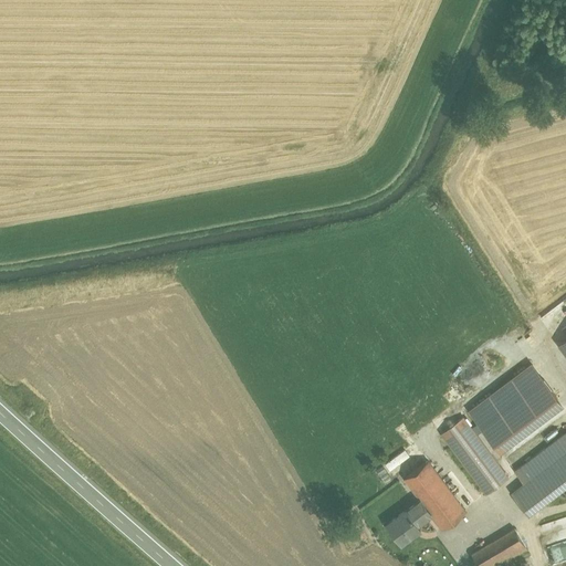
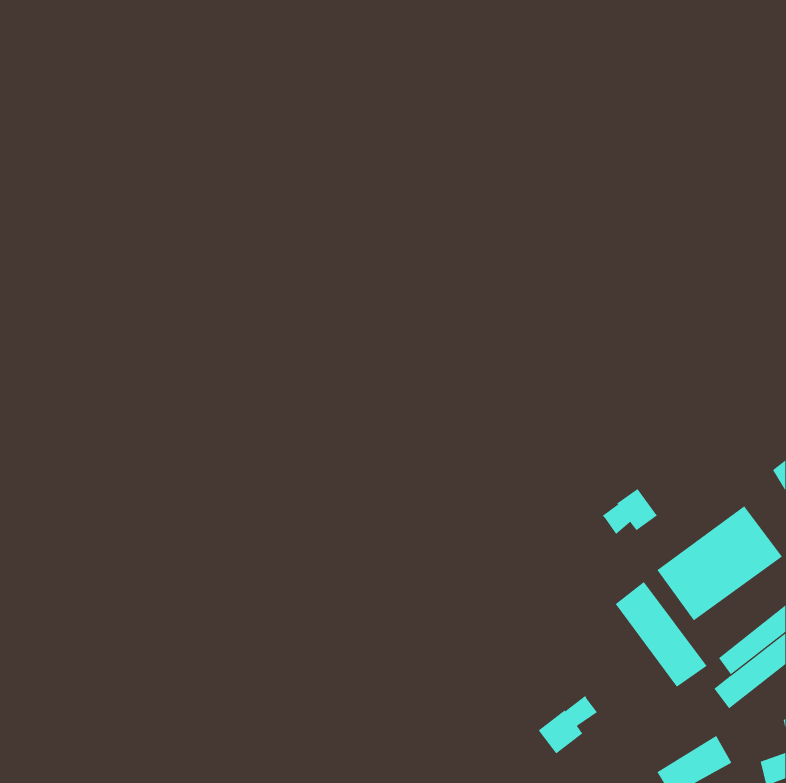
building: none -> [602,488,660,535]
building: [403,463,465,531] -> none

